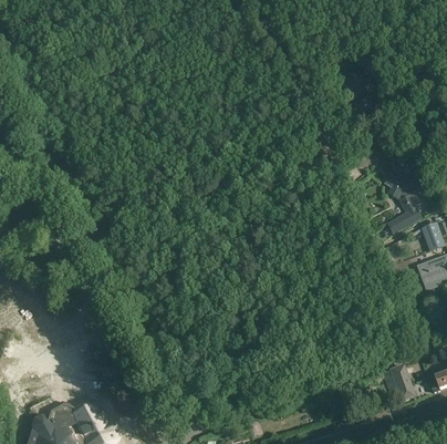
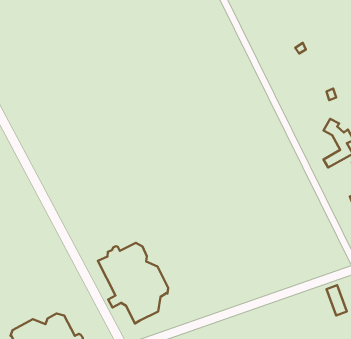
building: none -> [98,243,168,323]

